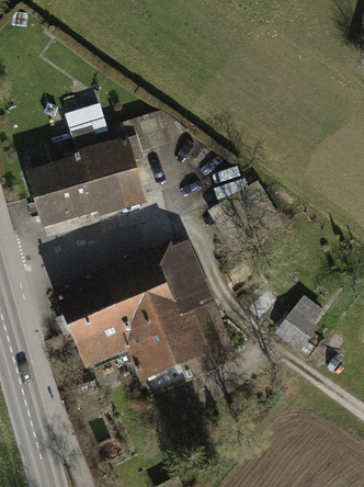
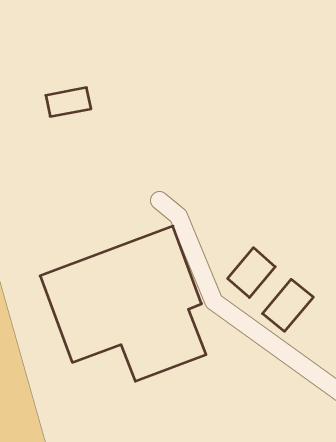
building: [29,138,150,229] -> none
building: none -> [228,248,275,298]

